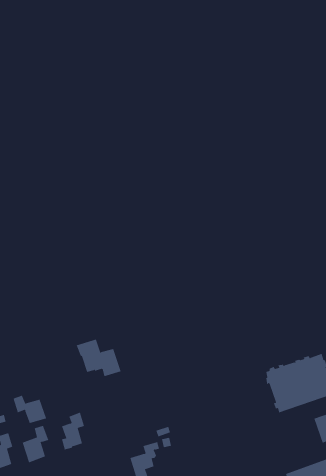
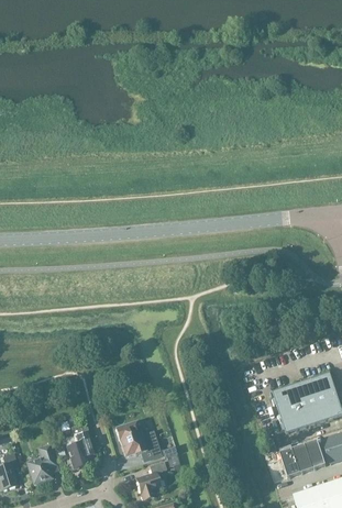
building: [76,339,121,377] -> [114,422,161,461]
building: [13,395,47,424] -> none
building: none -> [279,440,326,478]

